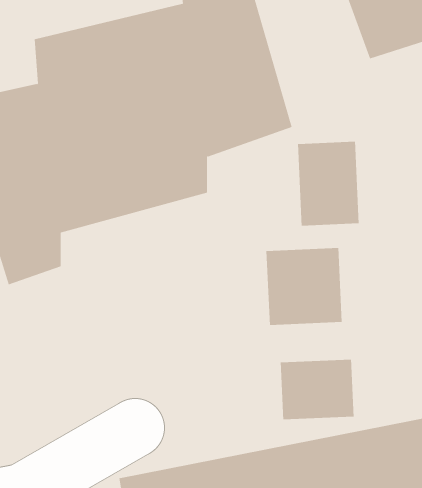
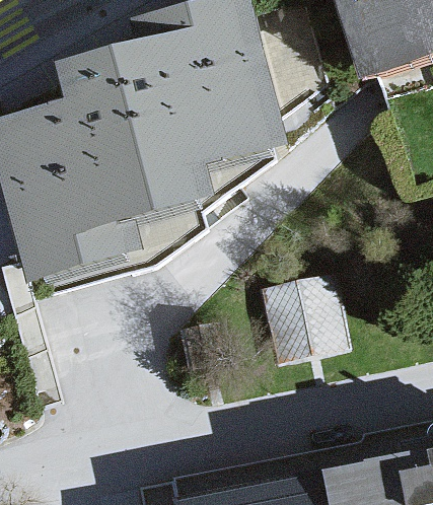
building: [297,141,359,226] -> none
building: [280,359,354,420] -> none

